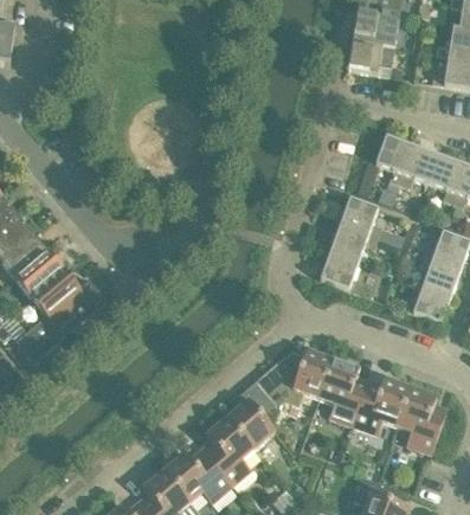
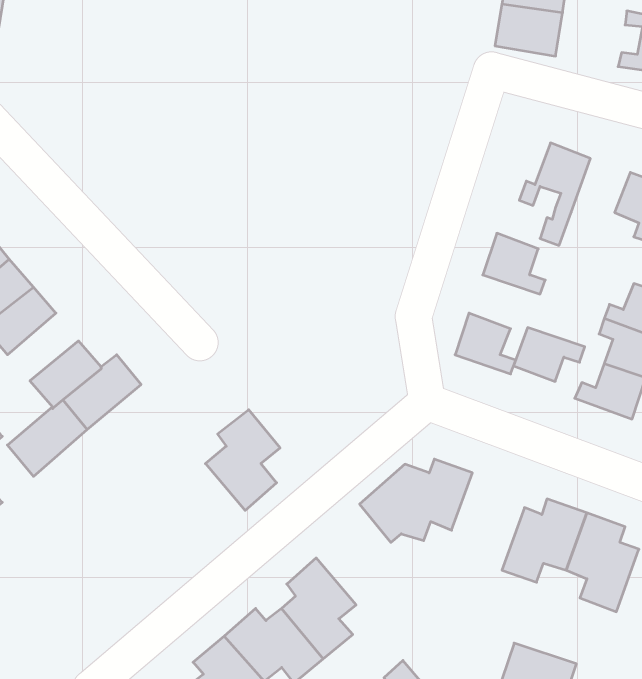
building: [400,144,440,186] -> none
building: [330,224,379,260] -> [514,328,585,381]
building: [15,250,64,296] -> none
building: [318,359,368,425] -> none
building: [226,380,277,449] -> [205,410,280,510]

